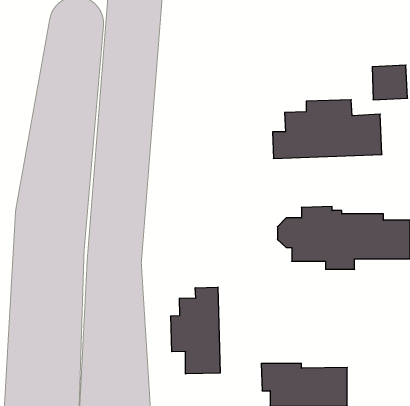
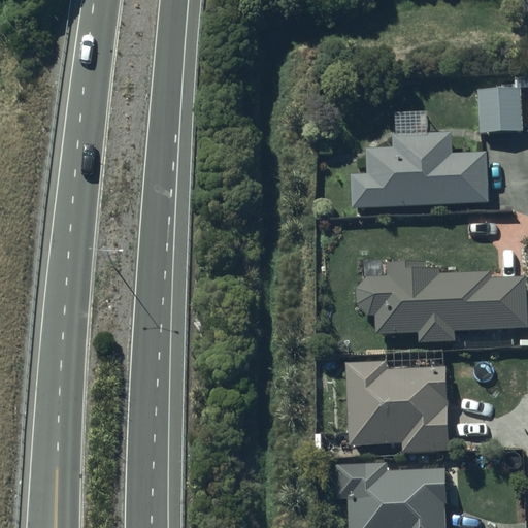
building: none -> [346,363,449,455]
building: [171,287,220,374] -> none

